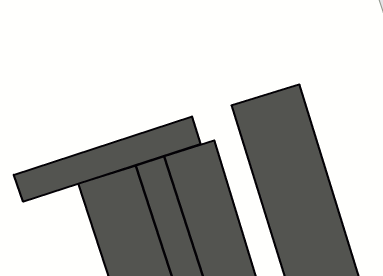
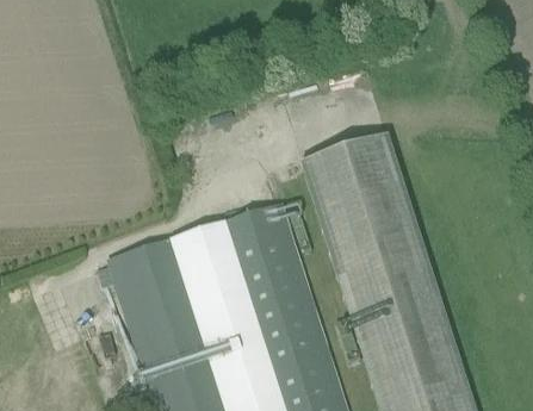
building: [14,116,201,202] -> none

